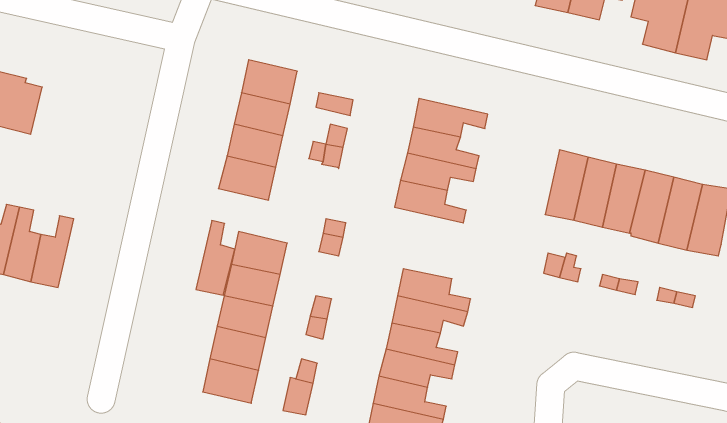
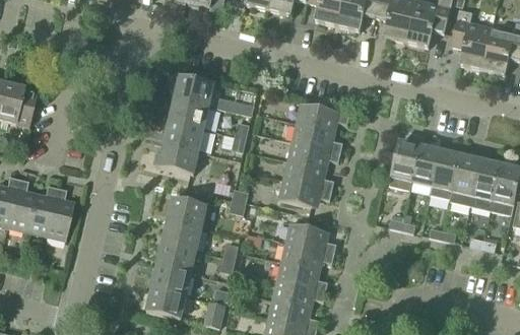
building: none -> [278,180,331,207]
building: [196,221,235,295] -> [44,188,71,241]

